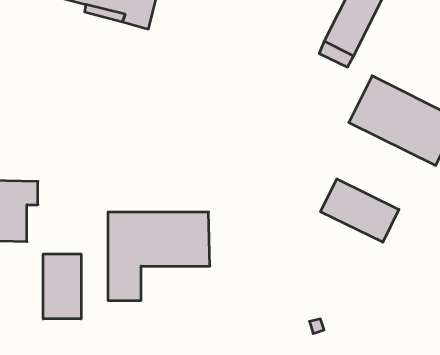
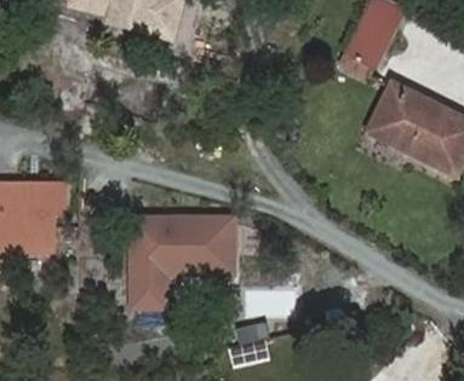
building: [321,179,399,242] -> none
building: [43,254,81,319] -> none

